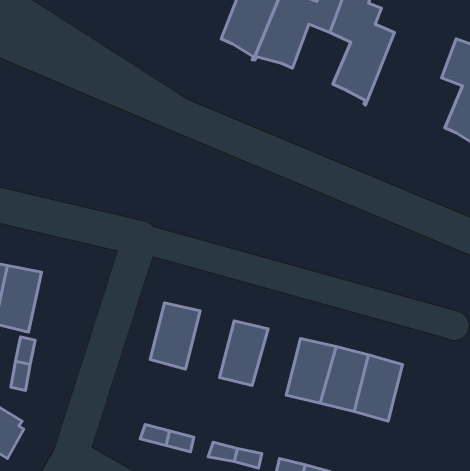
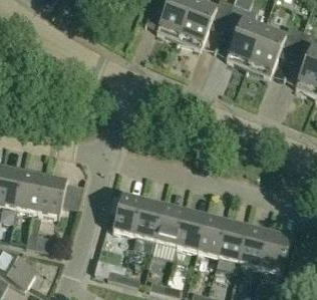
building: none -> [246,24,302,75]
building: none -> [37,175,66,216]
building: none -> [134,199,165,240]
building: none -> [176,210,206,251]
building: none -> [260,232,291,272]

